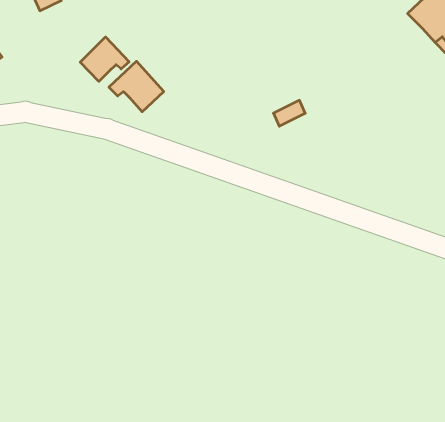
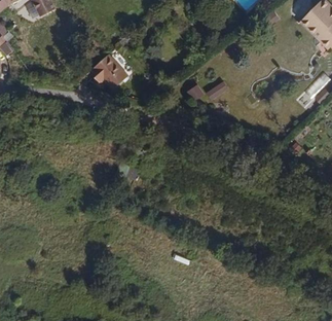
building: [80,37,129,81] -> none

